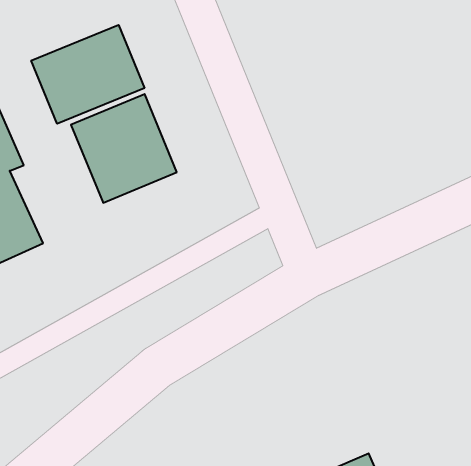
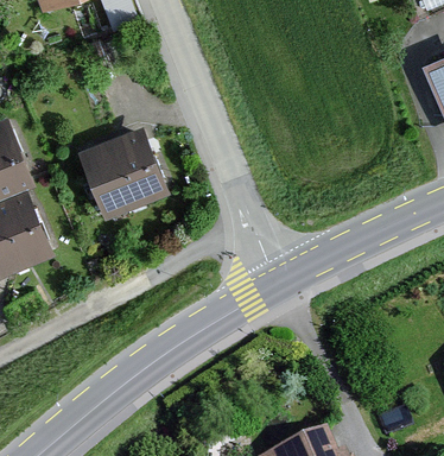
building: [31,25,144,124] -> none

